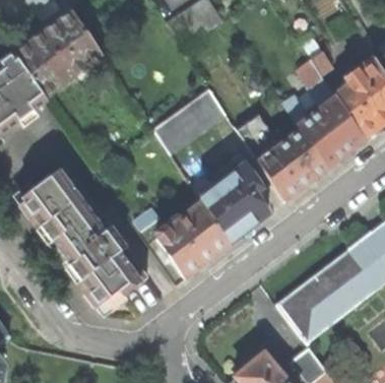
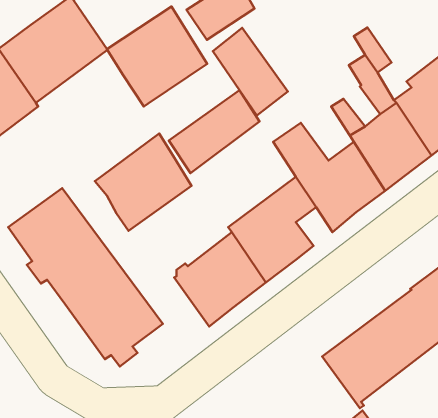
building: none -> [107,6,207,107]
building: none -> [213,28,288,116]
building: none -> [95,133,191,231]

